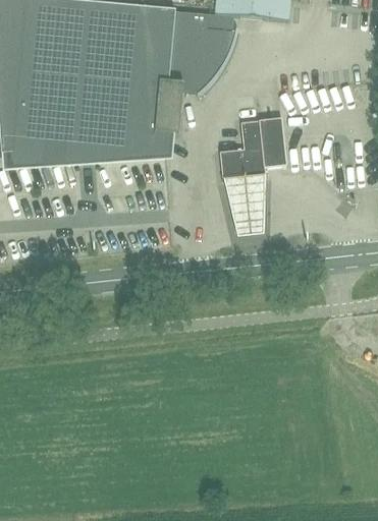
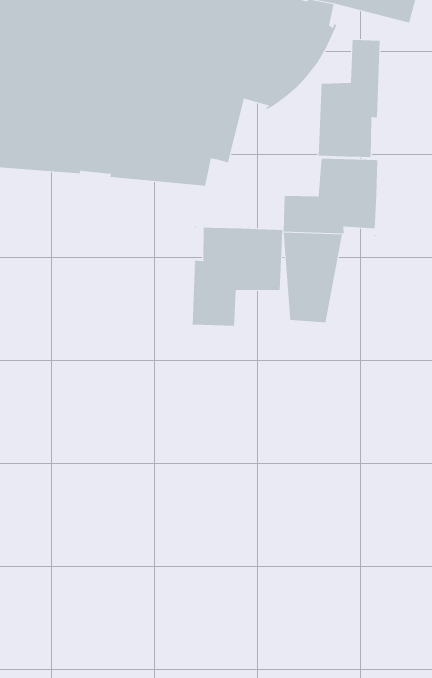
building: none -> [318,39,380,160]
building: none -> [192,225,283,327]

